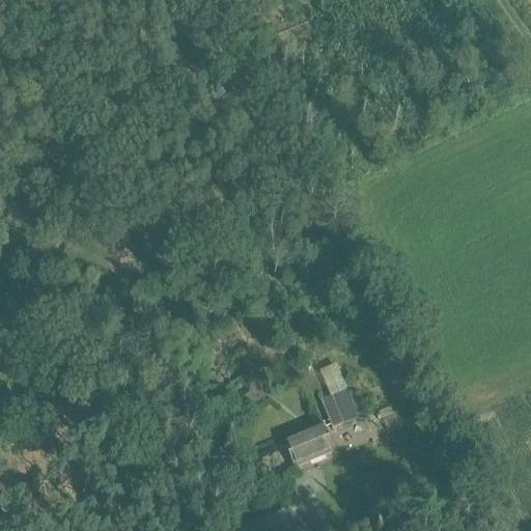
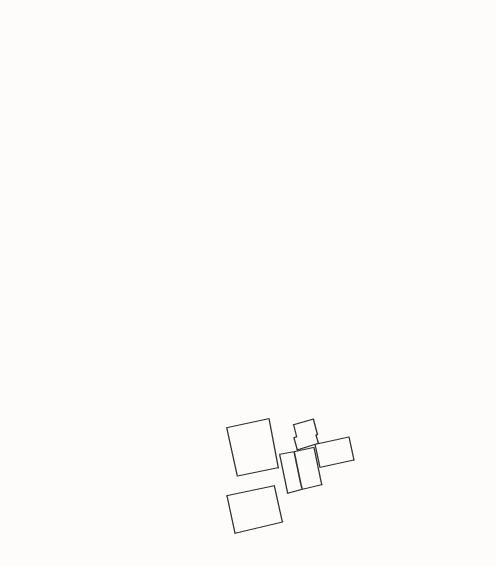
building: none -> [227,419,278,476]
building: none -> [315,437,354,467]

